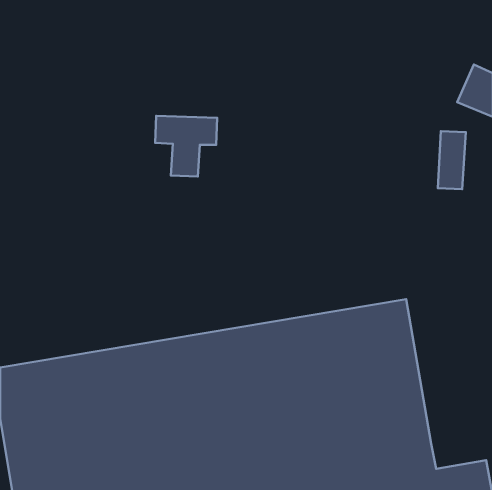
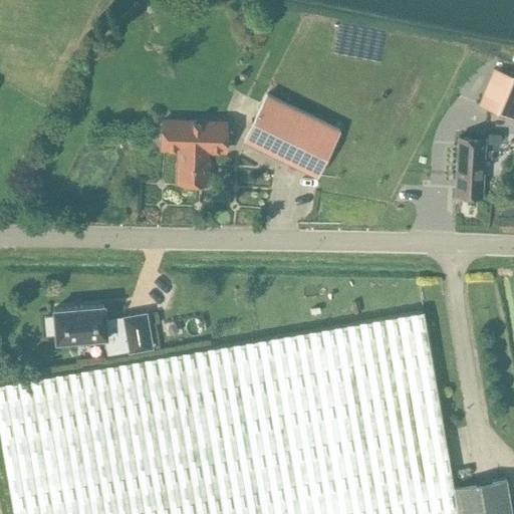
building: none -> [246,97,341,180]
building: none -> [46,308,151,358]

